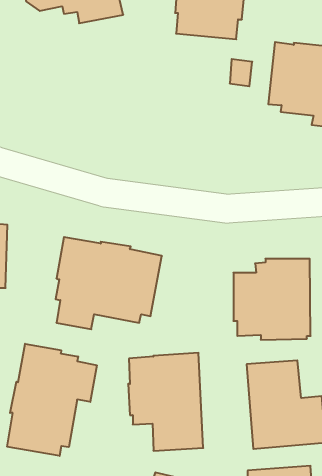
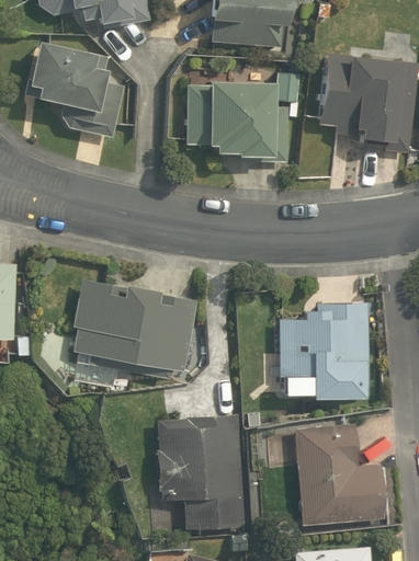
building: none -> [29,41,124,138]
building: none -> [185,81,287,162]
building: [7,344,97,456] -> none

